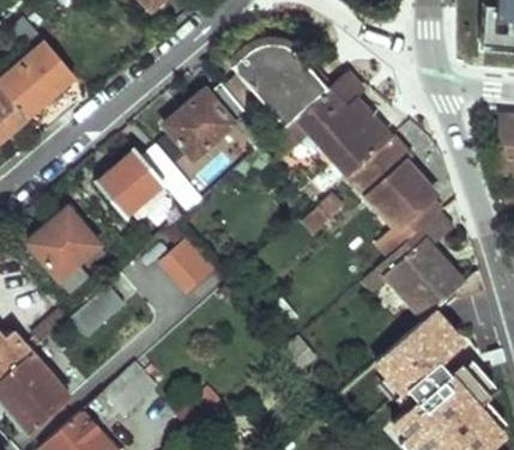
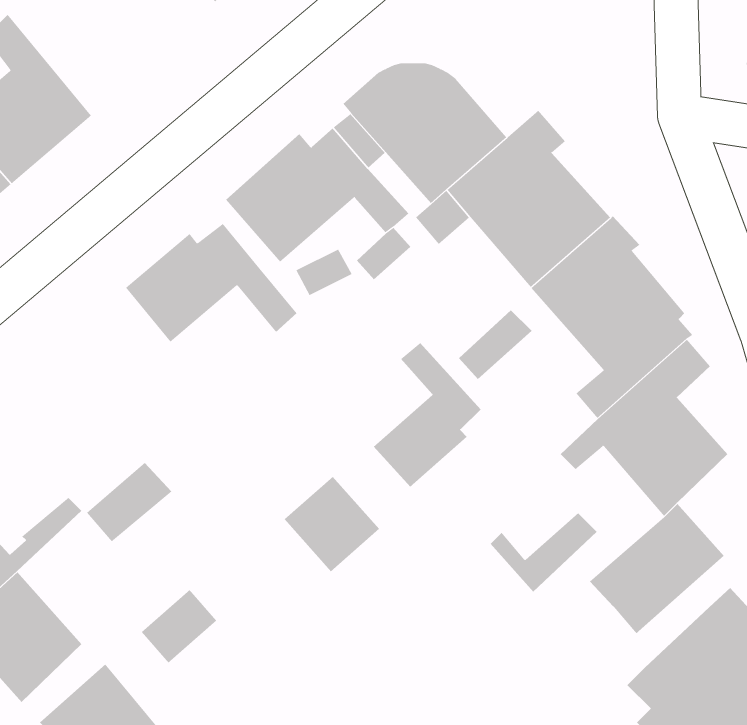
building: [29,207,101,290] -> none
building: none -> [373,342,482,488]
building: [157,238,216,297] -> [284,476,380,572]
building: [388,364,454,413] -> [490,512,598,593]

